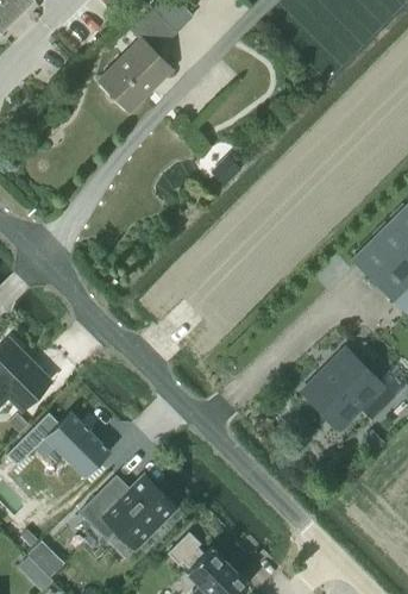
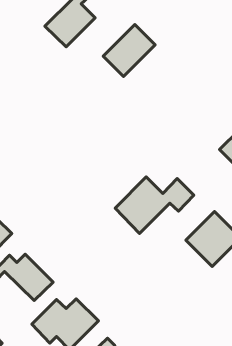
building: none -> [103,24,155,77]
building: none -> [115,177,194,233]

